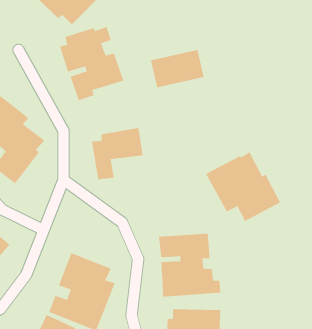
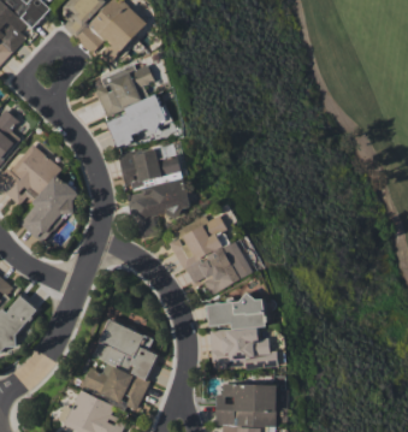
building: [150,49,204,88] -> [120,143,182,187]
building: [205,151,281,222] -> [168,214,254,294]

